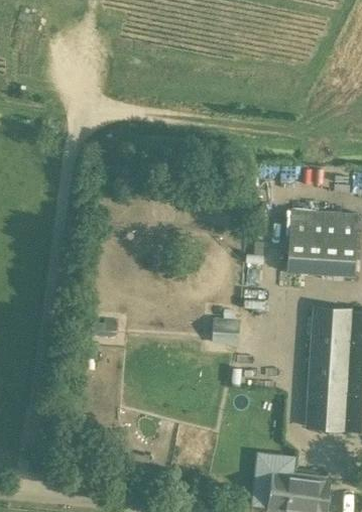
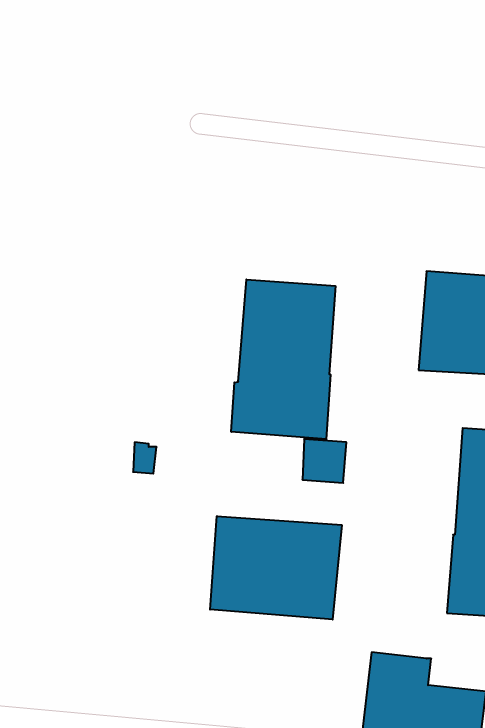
building: none -> [231,279,335,439]
building: none -> [210,516,342,620]

